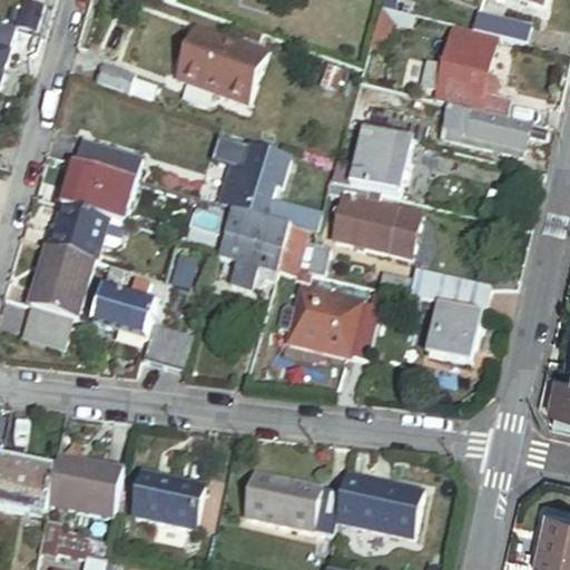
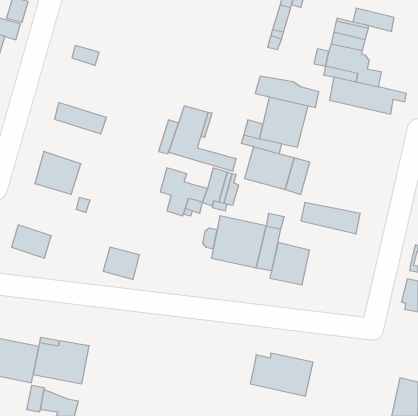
building: [179,19,266,91] -> none
building: [59,160,136,224] -> none
building: [225,208,287,254] -> none
building: [24,246,92,318] -> none
building: [90,277,153,338] -> none
building: [423,304,476,361] -> [270,243,310,285]
building: [244,470,343,532] -> none
building: [132,473,206,528] -> none

